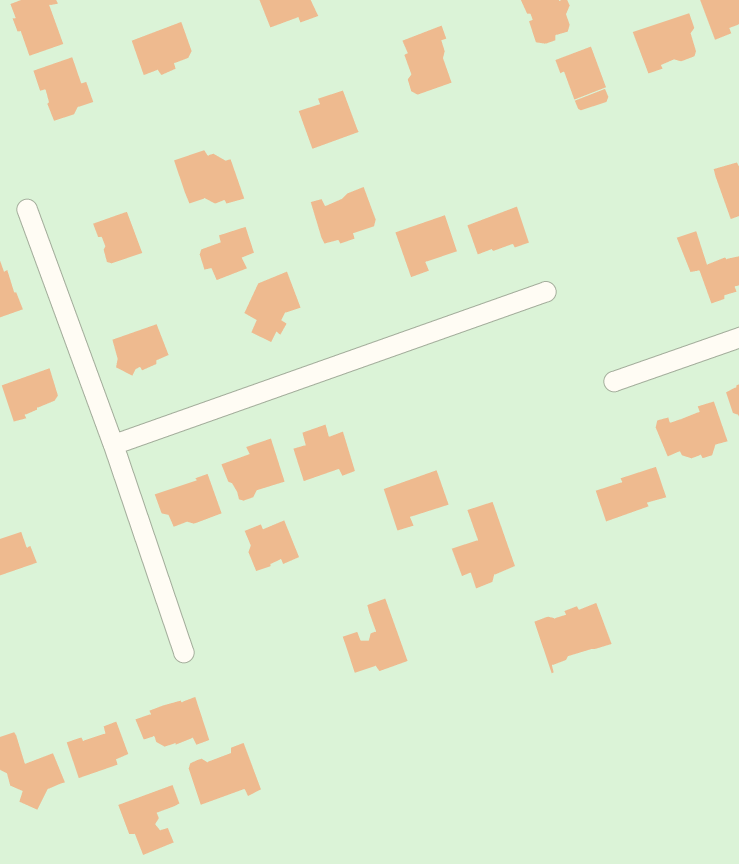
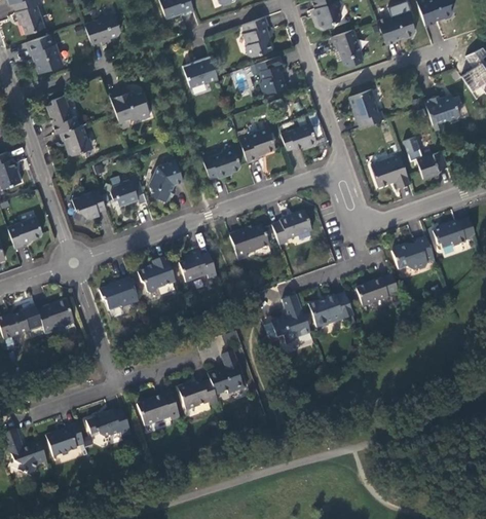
building: none -> [256,55,288,91]
building: none -> [349,88,384,126]
building: none -> [47,96,79,133]
building: [310,186,377,244] -> [201,145,240,179]
building: [199,226,255,281] -> [110,174,143,206]
building: none -> [371,154,410,188]
building: none -> [272,211,311,246]
building: [383,470,450,531] -> [230,225,269,261]
building: none -> [36,299,73,333]
building: [244,519,300,572] -> none
building: [533,602,613,674] -> [307,292,353,334]
building: none -> [177,379,218,410]
building: [188,742,262,805] -> [137,390,180,427]
building: [117,784,180,856] -> none

